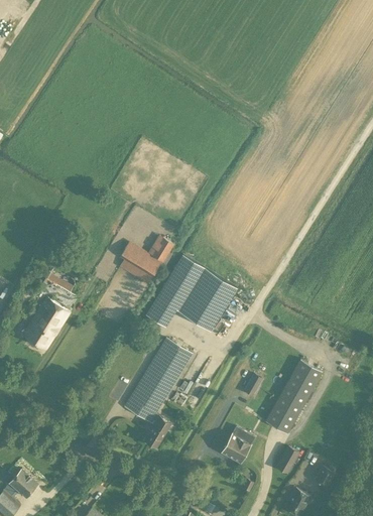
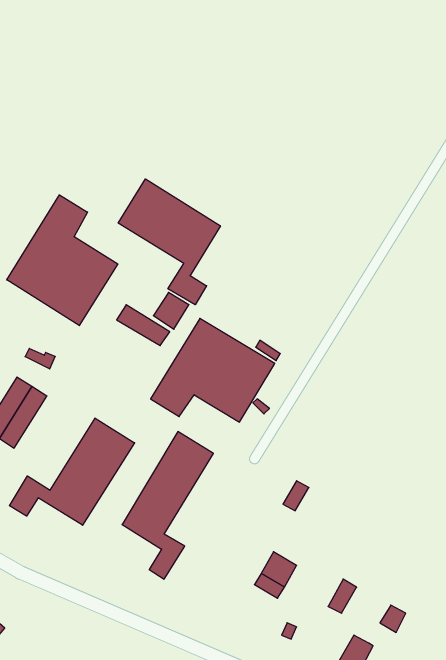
building: none -> [118,179,220,305]
building: none -> [7,195,118,326]
building: none -> [9,418,135,525]
building: [265,360,322,433] -> none

